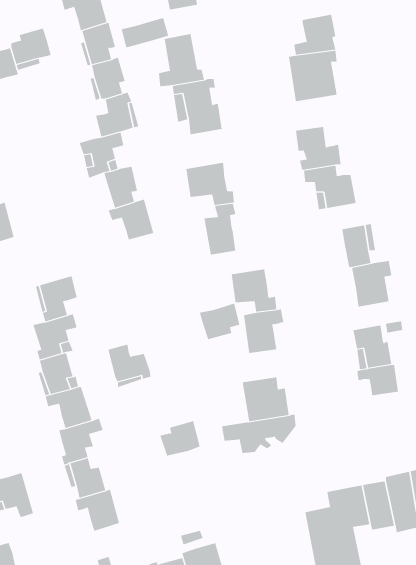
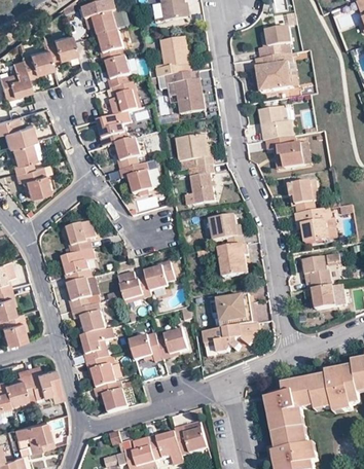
building: [121,17,169,48] -> none
building: [199,303,240,340] -> [143,262,174,290]
building: none -> [129,331,162,361]

